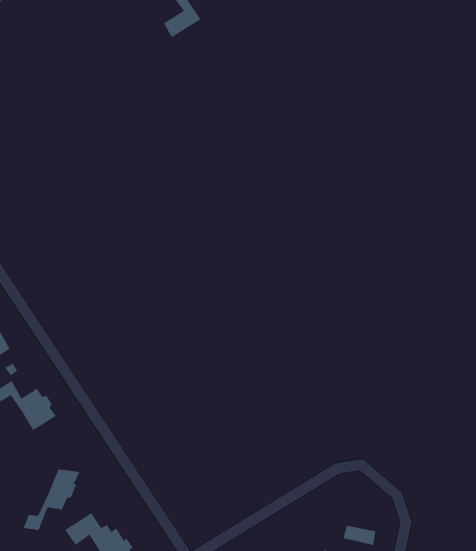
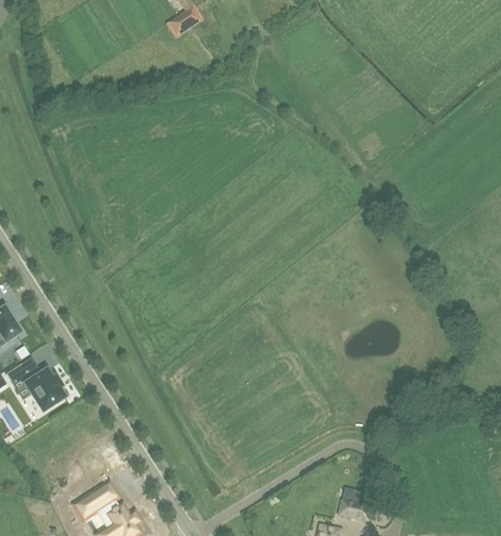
building: [22,468,80,531] -> none

